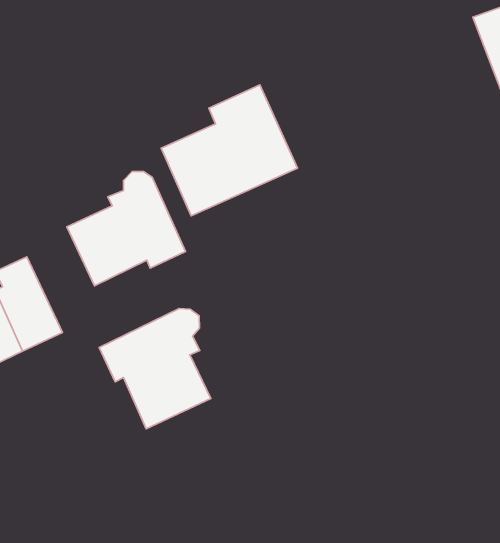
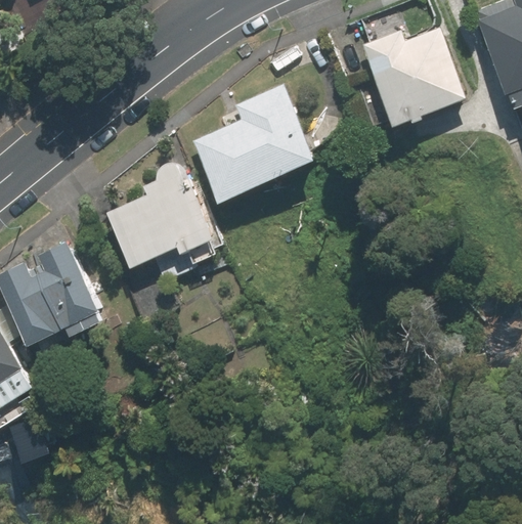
building: none -> [362,28,468,128]
building: [99,308,211,429] -> none

